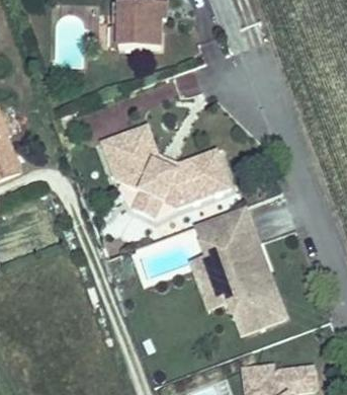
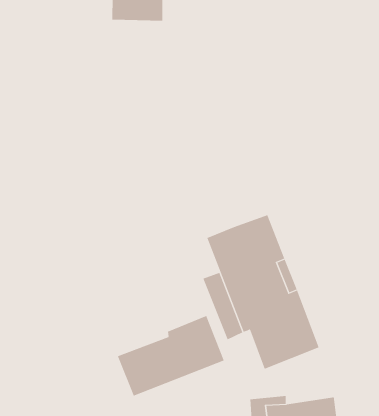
building: [101,129,233,210] -> none
building: none -> [117,315,225,397]

